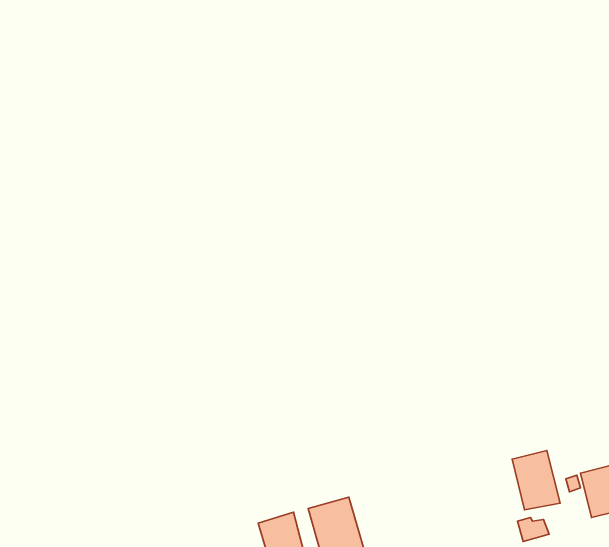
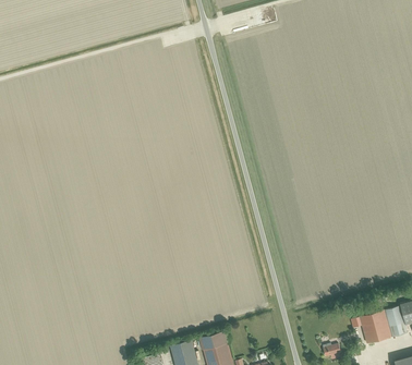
building: [512,450,560,510] -> none

